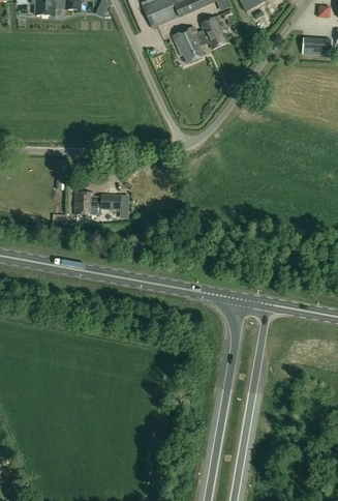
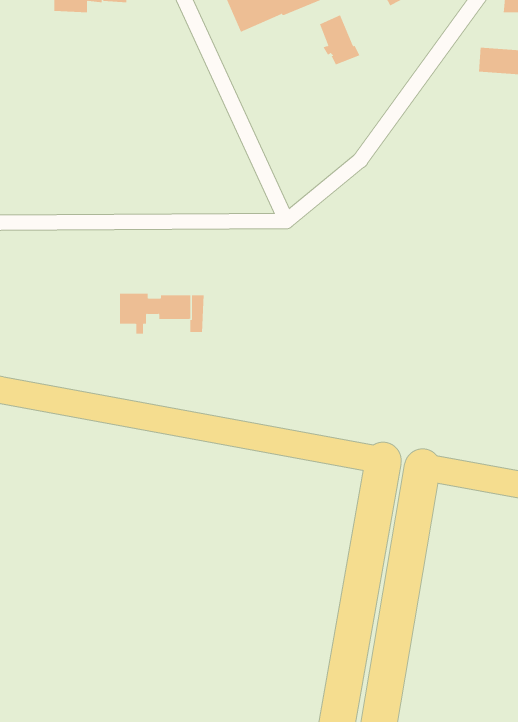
building: [173,27,207,62] -> none

